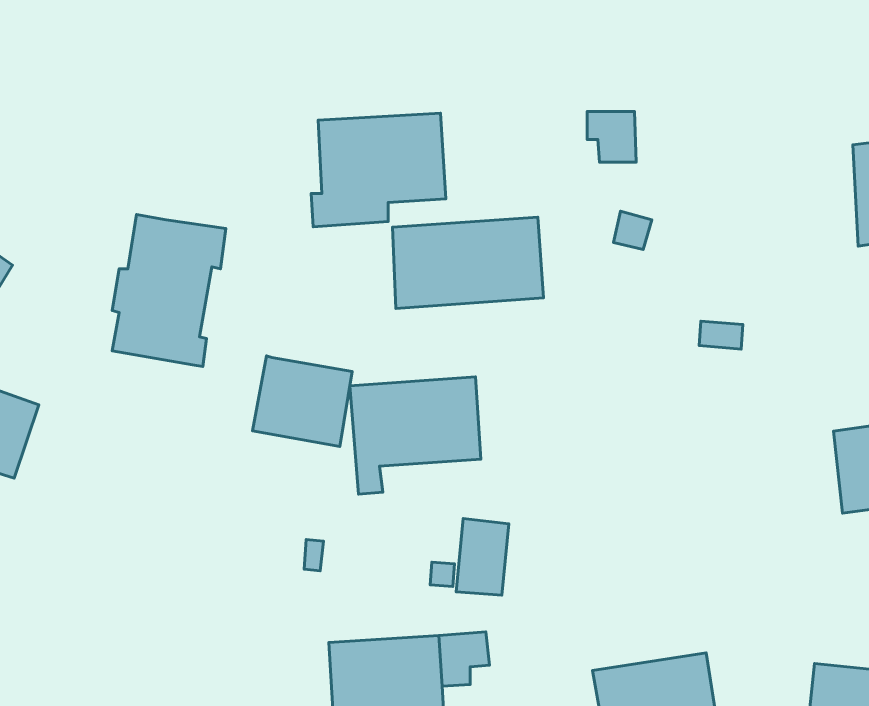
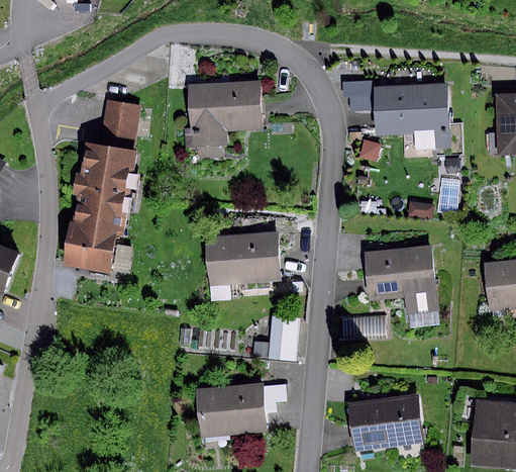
building: none -> [376,83,449,150]
building: none -> [101,100,142,149]
building: [392,217,543,308] -> none
building: [252,356,352,447] -> [59,218,116,271]
building: none -> [365,245,440,317]

